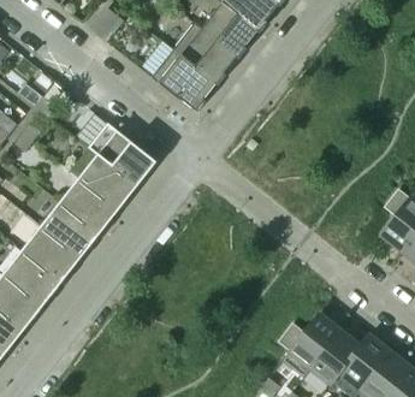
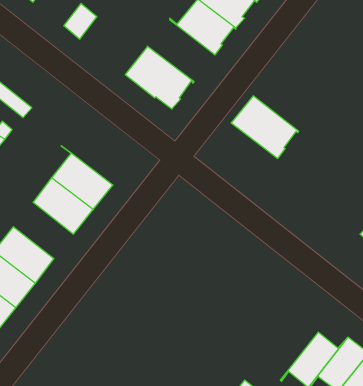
building: [172,22,238,83] -> [231,96,299,158]
building: [88,122,156,184] -> none
building: [41,201,100,256] -> none
building: [278,312,339,375] -> none

